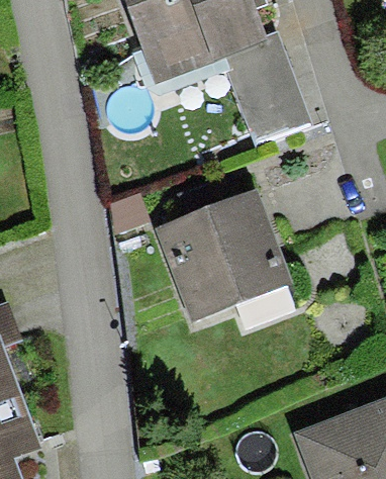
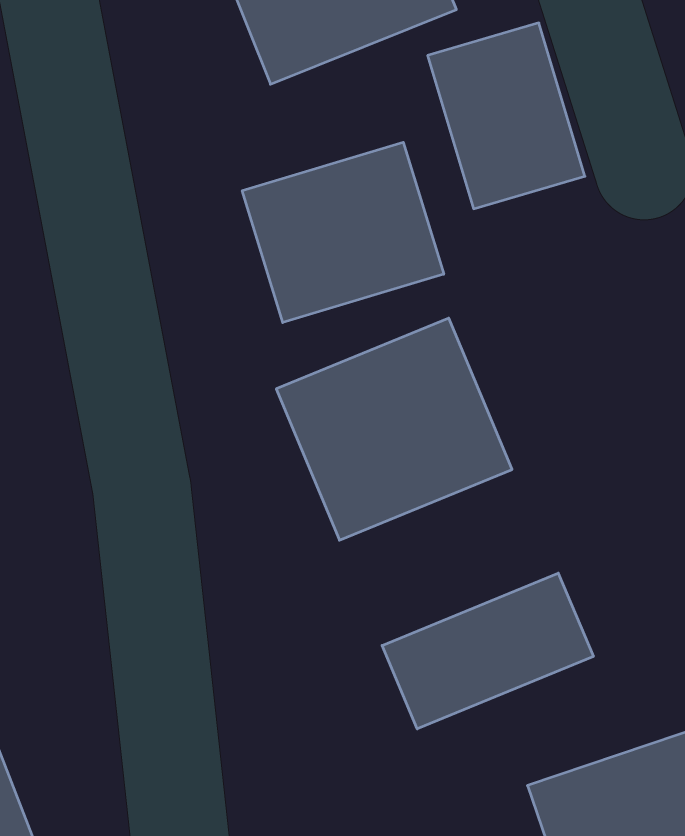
building: none -> [242,142,444,323]
building: none -> [382,573,593,729]

